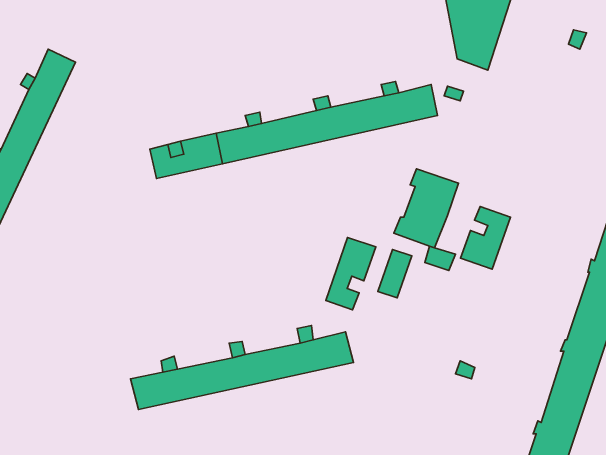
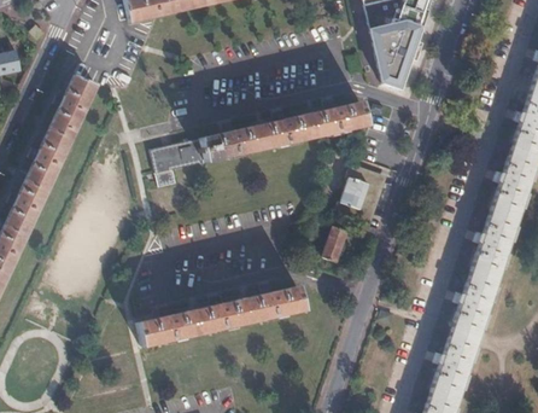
building: [460,207,511,269] -> none
building: [326,237,376,310] -> none

